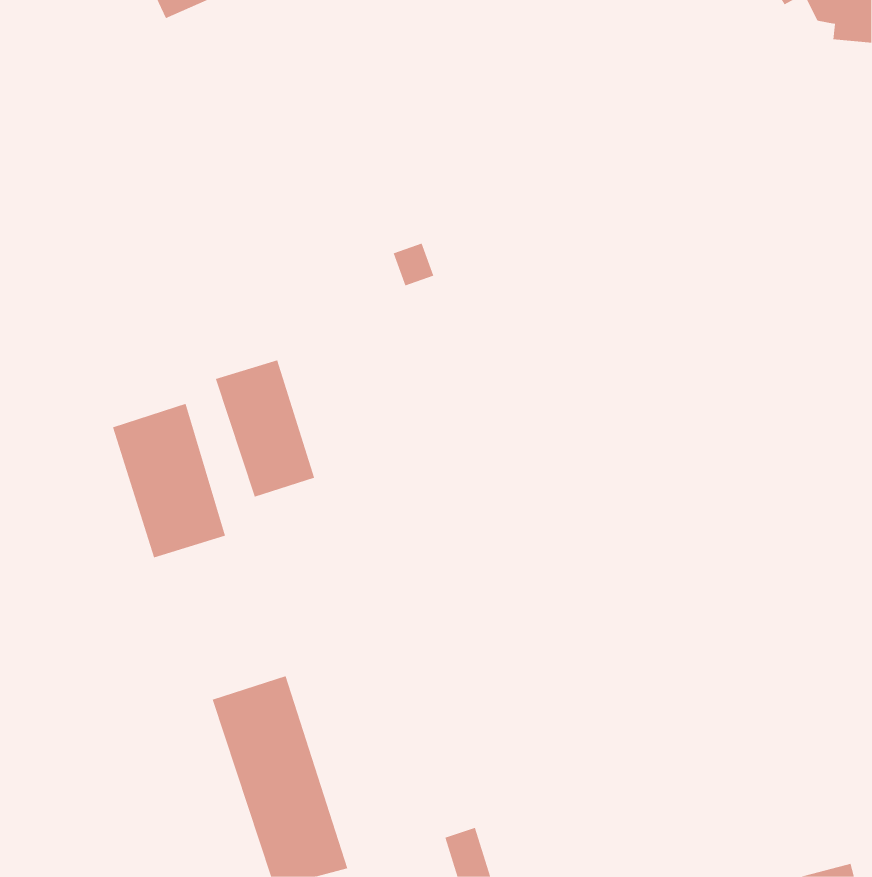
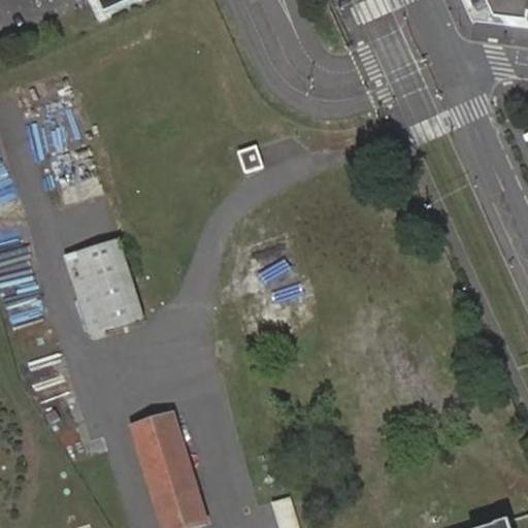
building: [215,360,315,498] -> none

